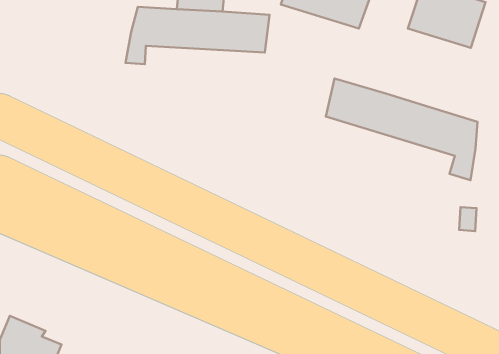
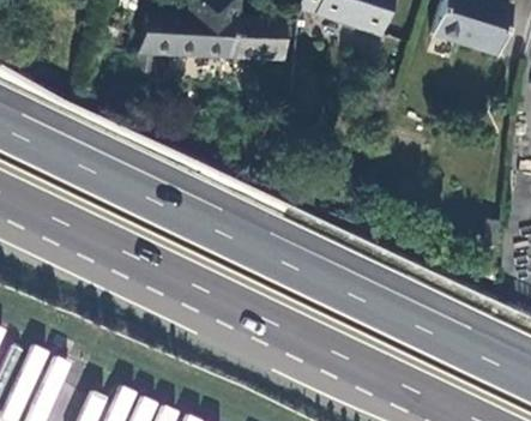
building: [326,79,477,180] -> none

